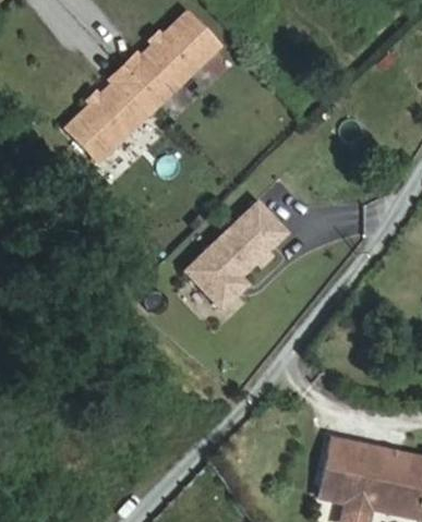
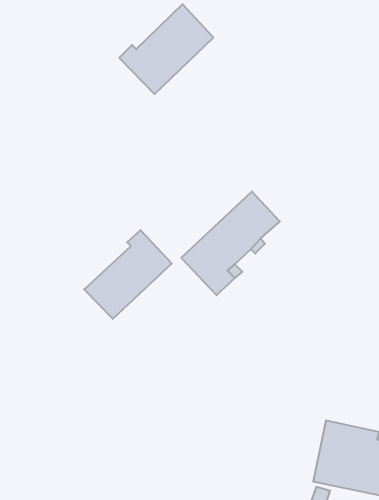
building: [65,66,158,161] -> none
building: none -> [84,230,172,319]

